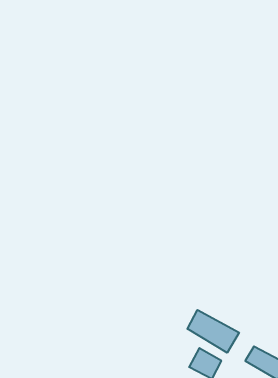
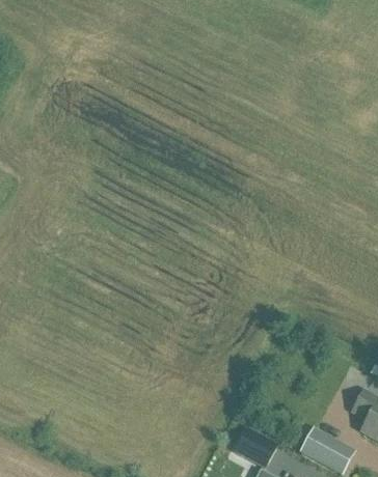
building: [187,310,239,353] -> none

